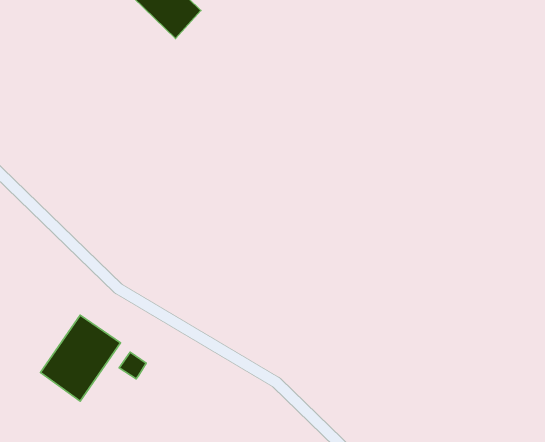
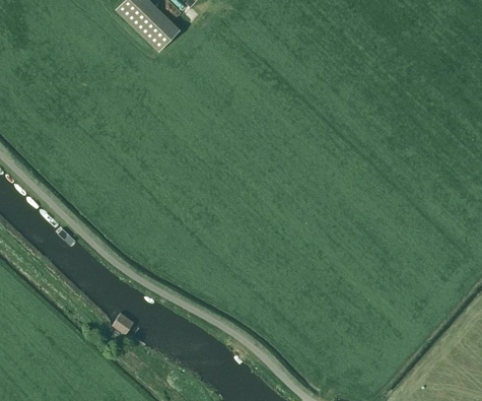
building: [40,315,121,401] -> none

